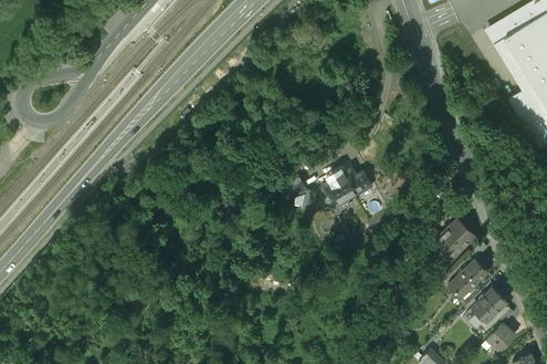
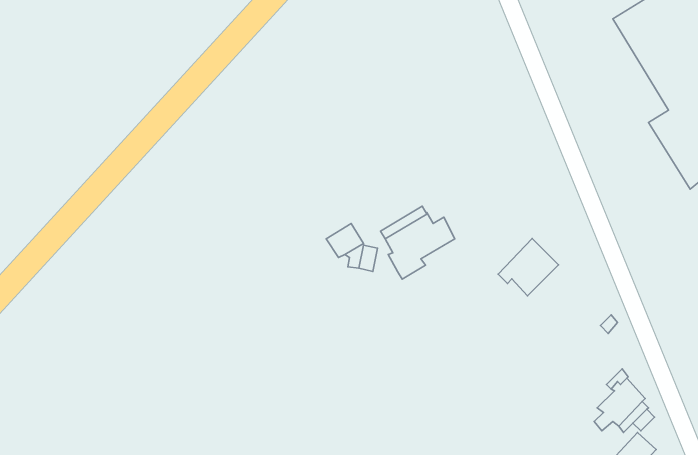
building: [433,217,476,258] -> [498,239,558,296]
building: [448,261,487,300] -> none

